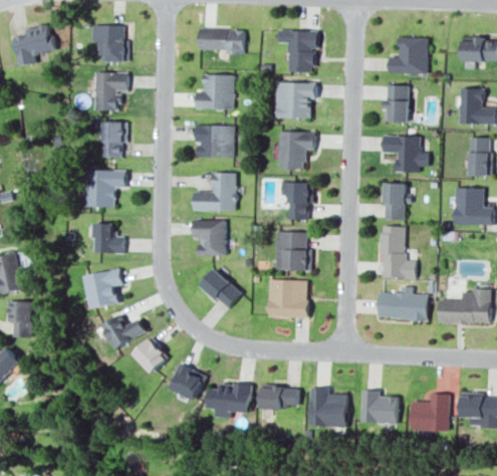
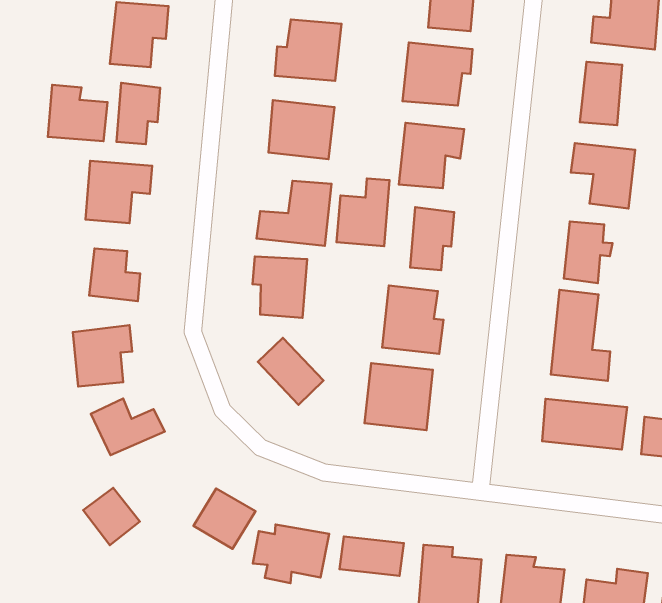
building: none -> [48,85,107,141]
building: none -> [337,178,389,246]
building: [134,338,169,374] -> [83,488,140,545]

